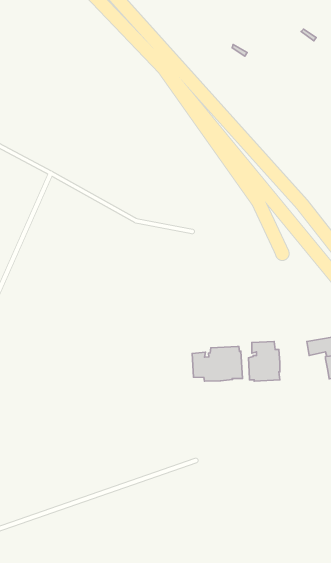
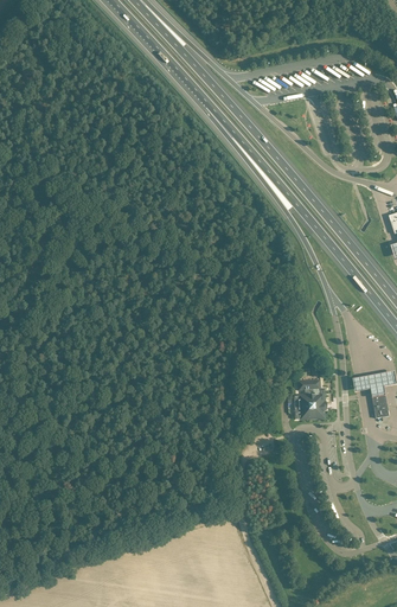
building: [192,346,243,381] -> none

